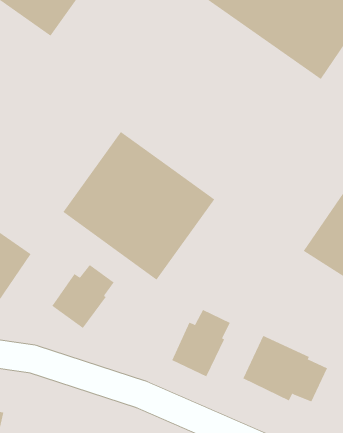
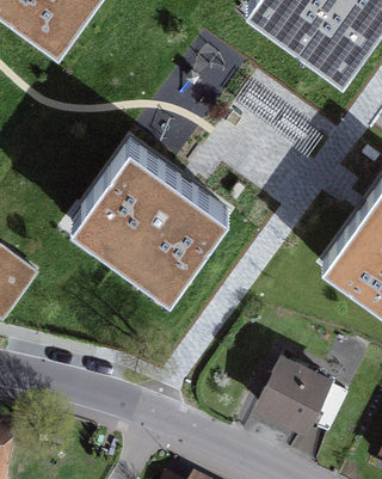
building: [51,264,115,329] -> none
building: [171,309,230,377] -> none

